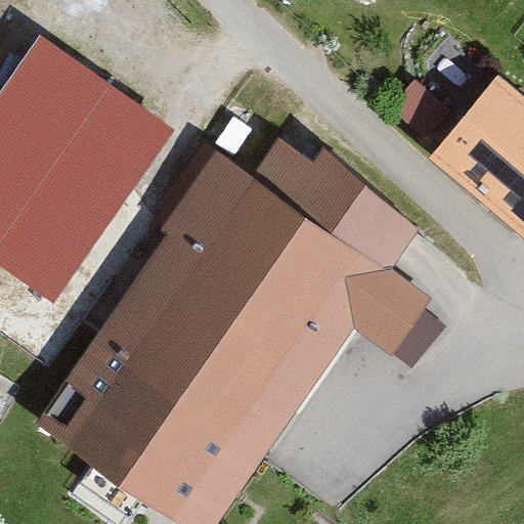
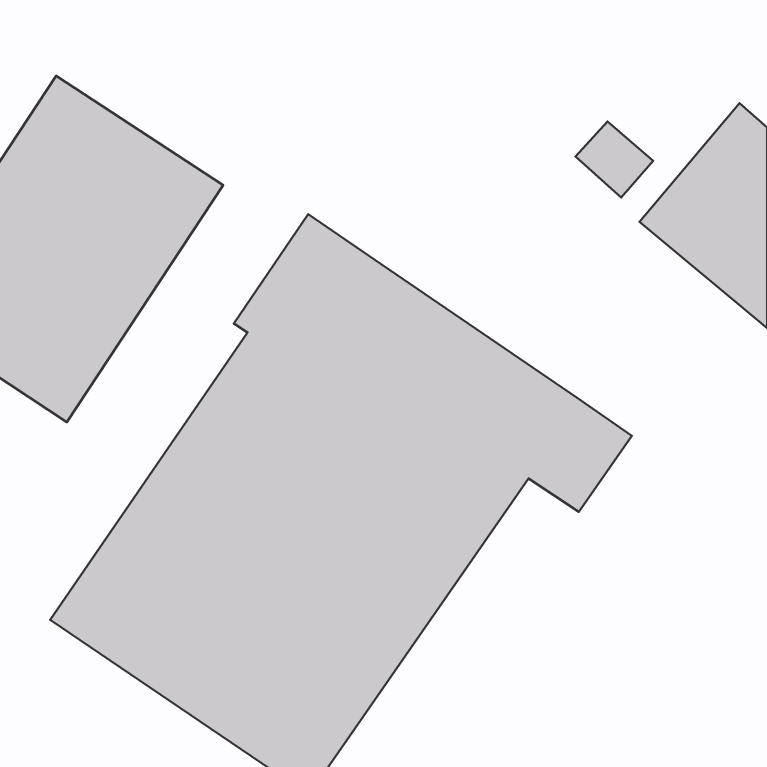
building: [257,126,426,274] -> none

